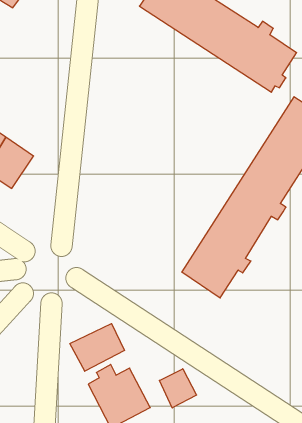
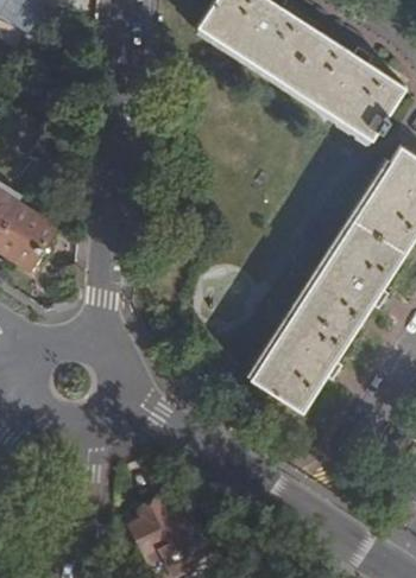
building: [70,324,125,371] -> none
building: [159,369,197,408] -> none

